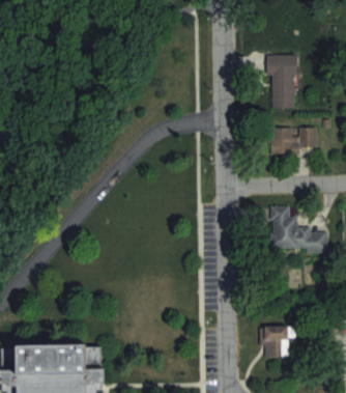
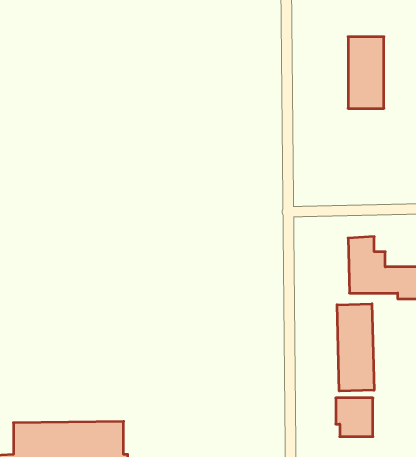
building: [271,128,316,156] -> none
building: none -> [337,304,374,391]

